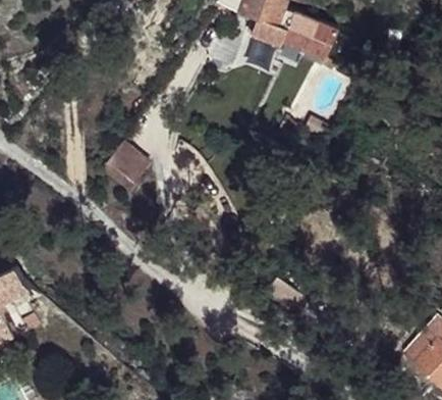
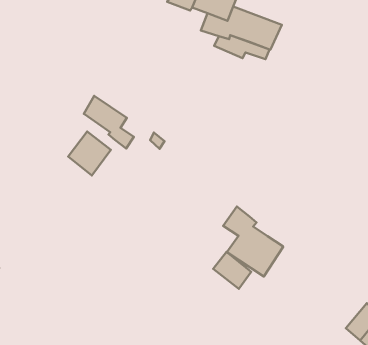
building: none -> [84,96,134,148]
building: none -> [223,206,283,277]

